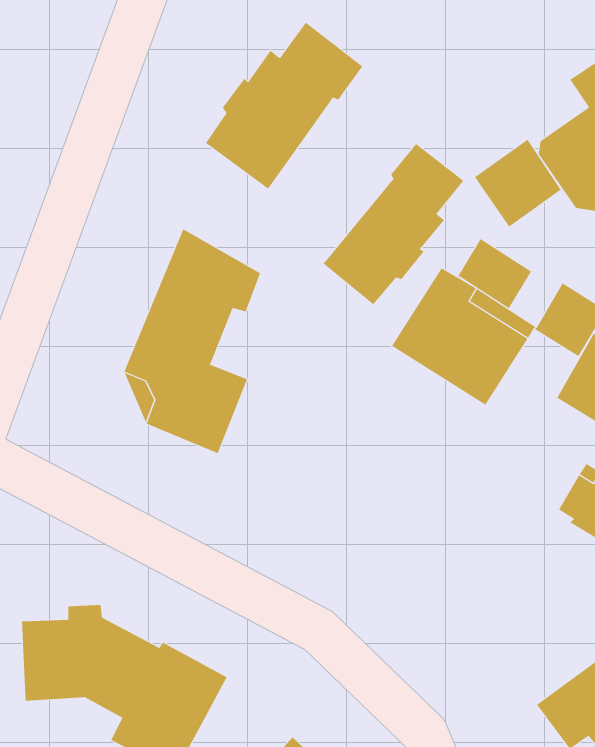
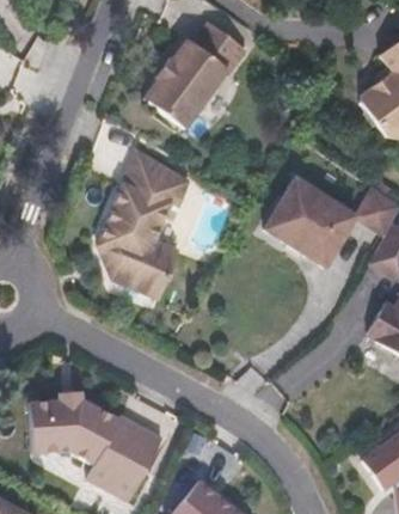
building: [474,139,562,227] -> none
building: [323,143,464,305] -> none
building: [458,238,532,309] -> none

